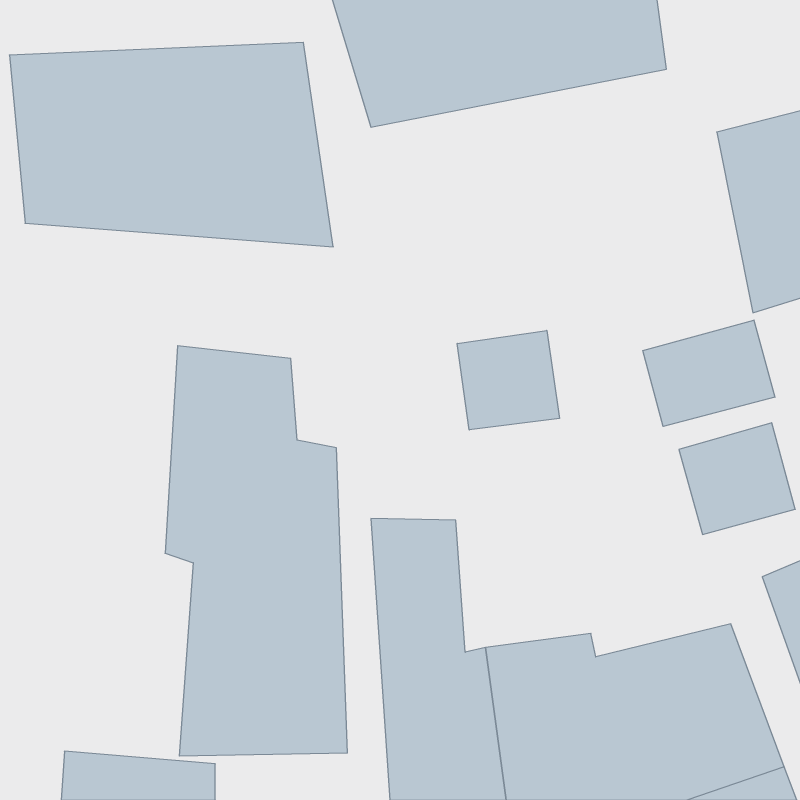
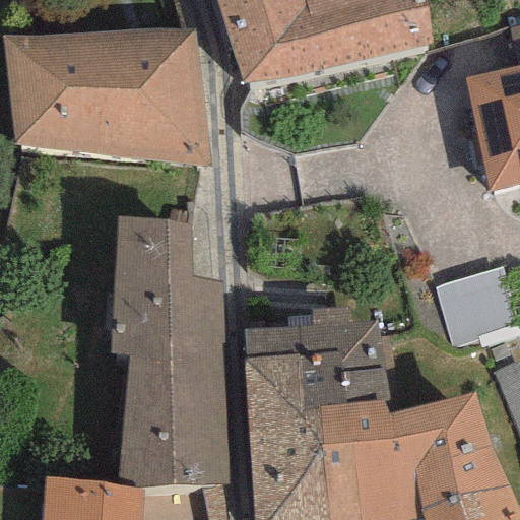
building: [643,320,775,426] -> none
building: [457,330,559,430] -> none
building: none -> [297,314,394,421]

